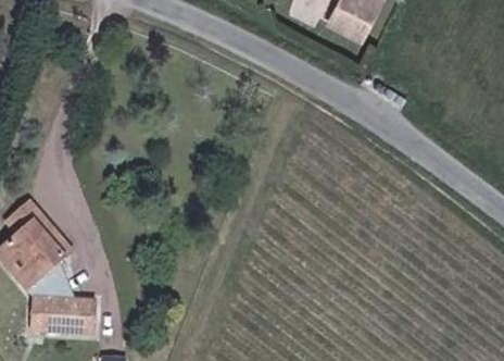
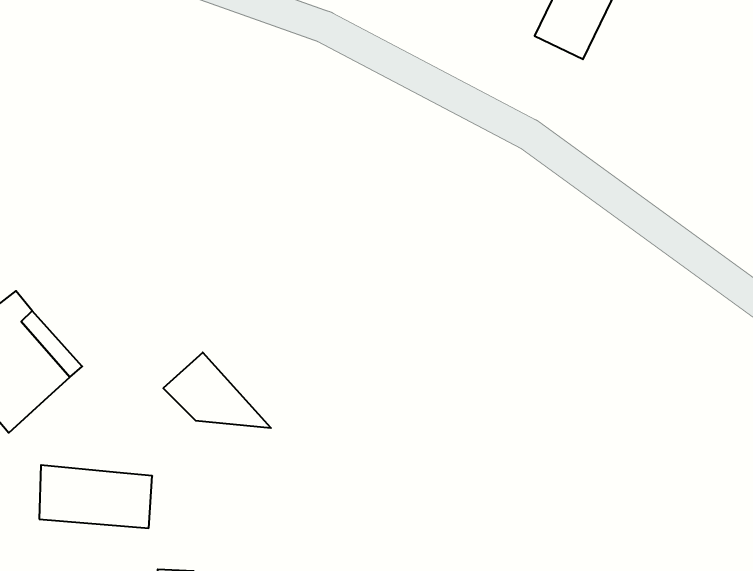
building: [15,251,80,297] -> [163,352,271,428]

